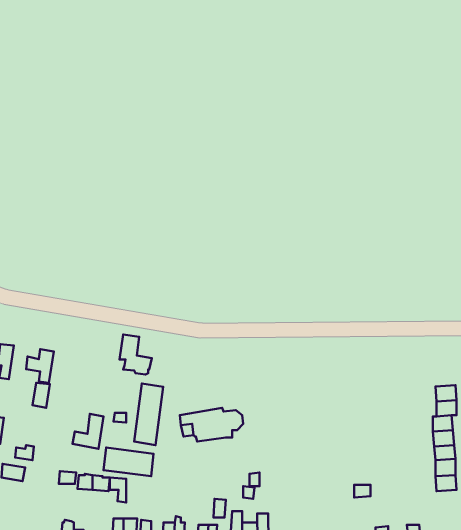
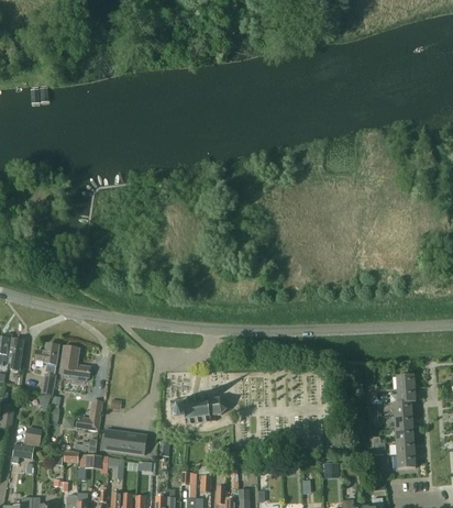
building: [119,334,152,374] -> [62,346,90,382]
building: [134,384,163,445] -> none

